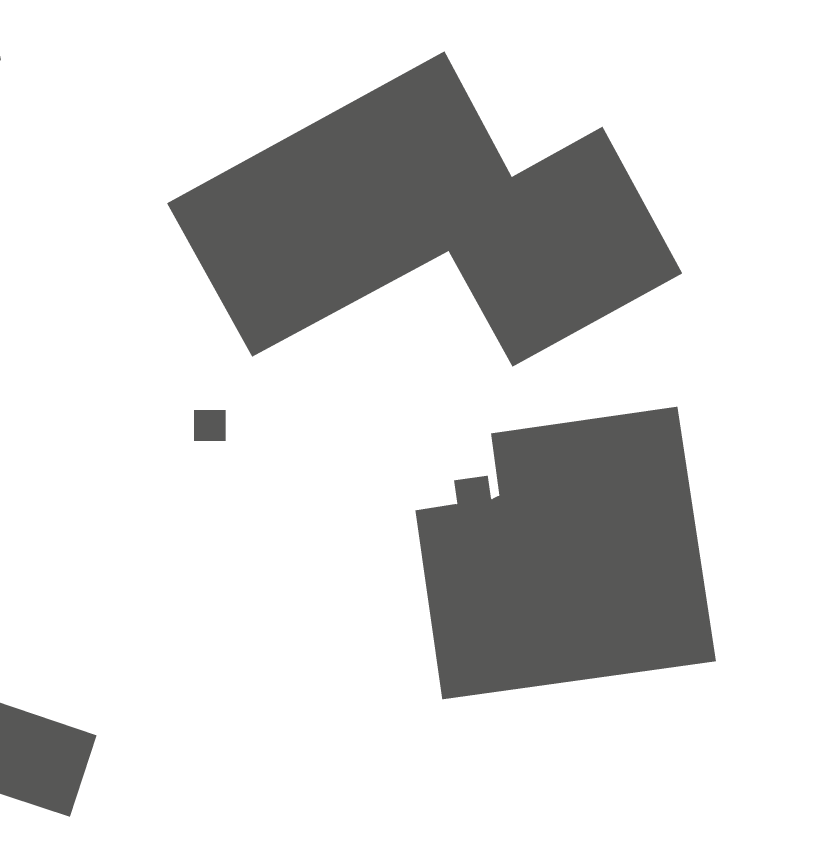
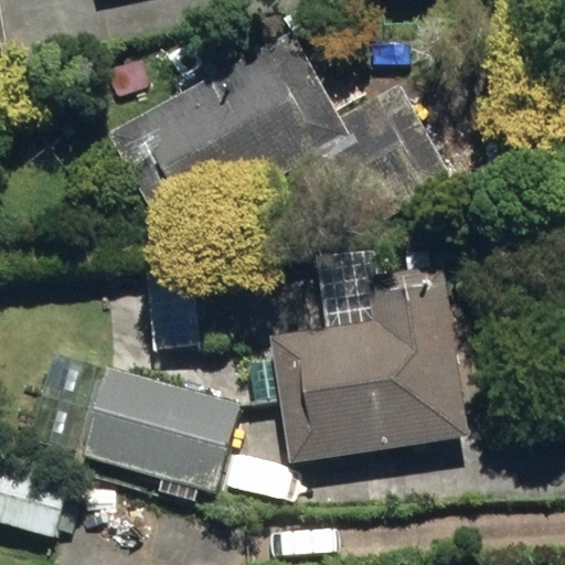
building: none -> [78,365,235,491]

